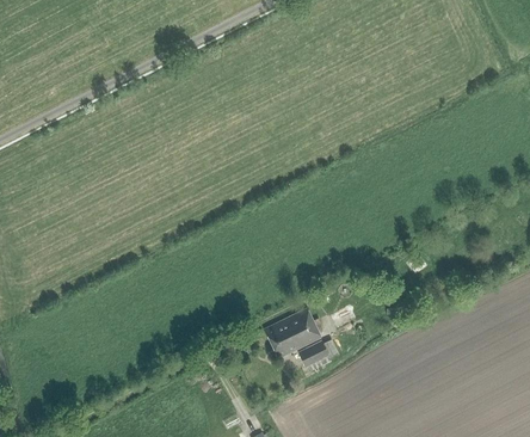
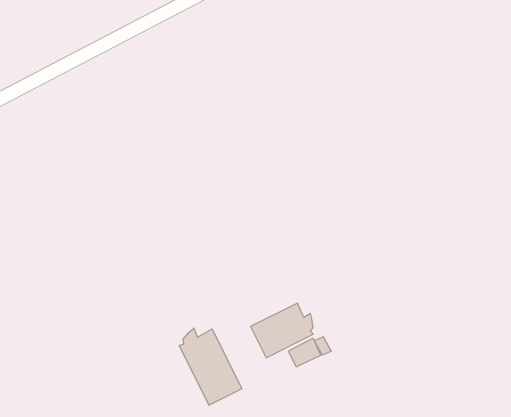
building: none -> [179,328,242,405]

